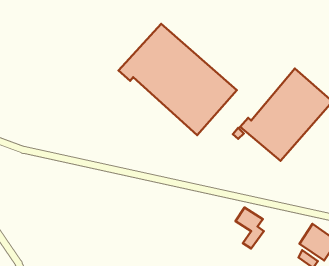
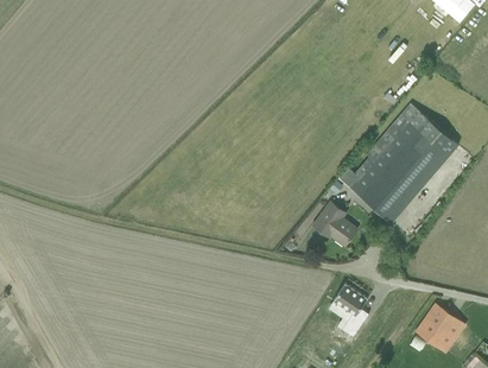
building: [118,24,237,135] -> none
building: none -> [312,201,360,248]

